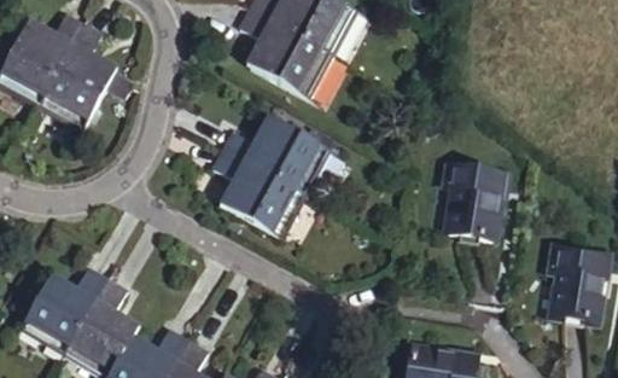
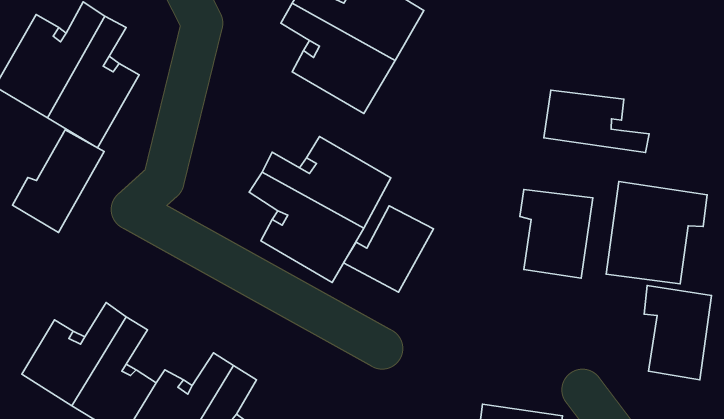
building: none -> [544,90,649,153]
building: none -> [13,130,104,233]
building: none -> [606,181,707,284]
building: none -> [344,206,433,292]

